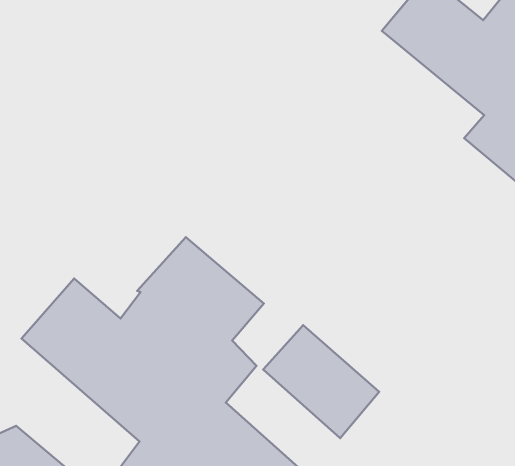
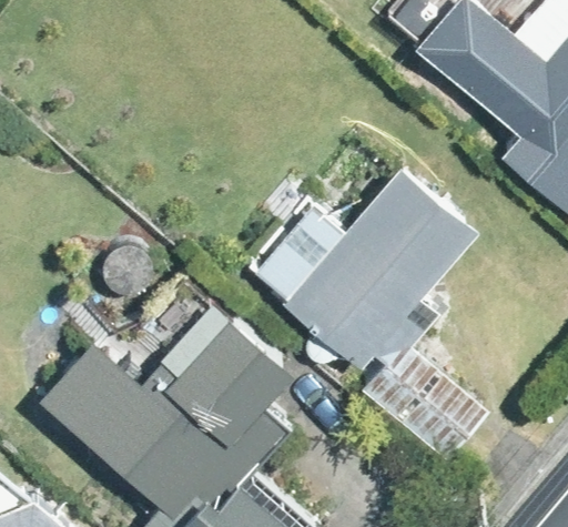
building: none -> [278,153,476,363]
building: [263,325,379,438] -> [366,341,488,459]

